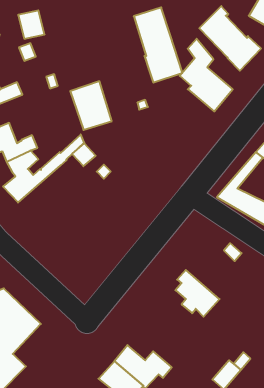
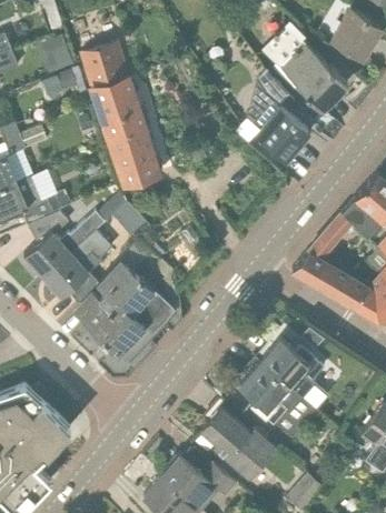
building: [134,7,182,83] -> [82,42,143,137]
building: none -> [41,230,111,298]
building: none -> [75,261,174,362]
building: none -> [253,340,321,401]
building: none -> [200,408,275,479]

